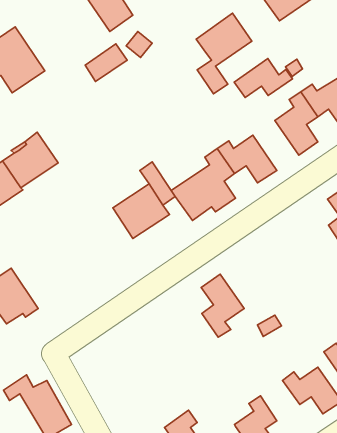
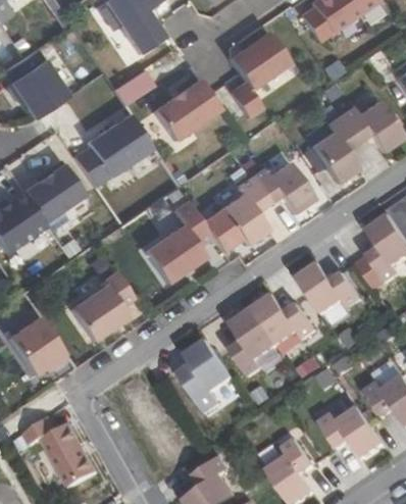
building: none -> [153,83,219,144]
building: [234,59,292,98] -> none
building: none -> [74,114,152,188]
building: none -> [64,262,129,332]
building: none -> [299,266,365,318]
building: none -> [255,299,317,349]
building: none -> [189,343,235,413]

